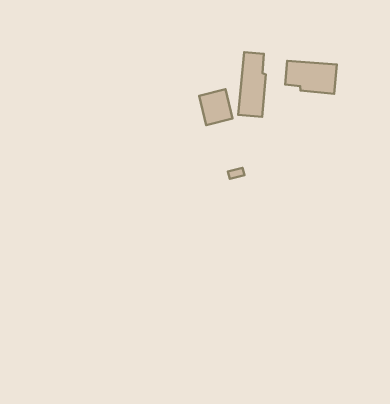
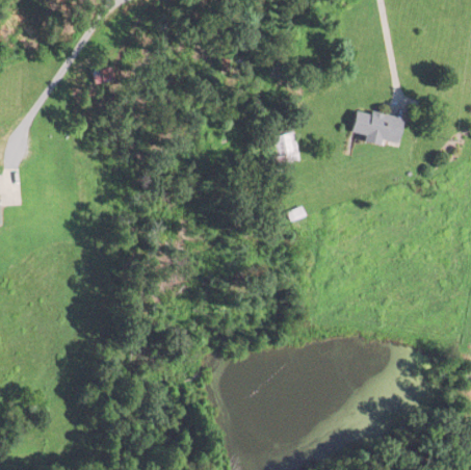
building: [238,52,266,117] -> none

